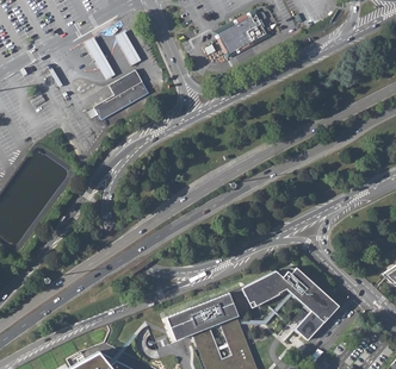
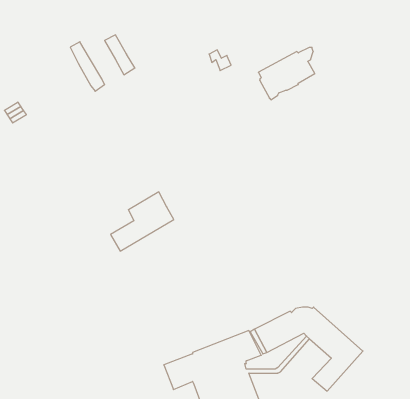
building: [217,12,266,57] -> [258,47,315,100]
building: [93,69,148,120] -> [111,192,174,251]

